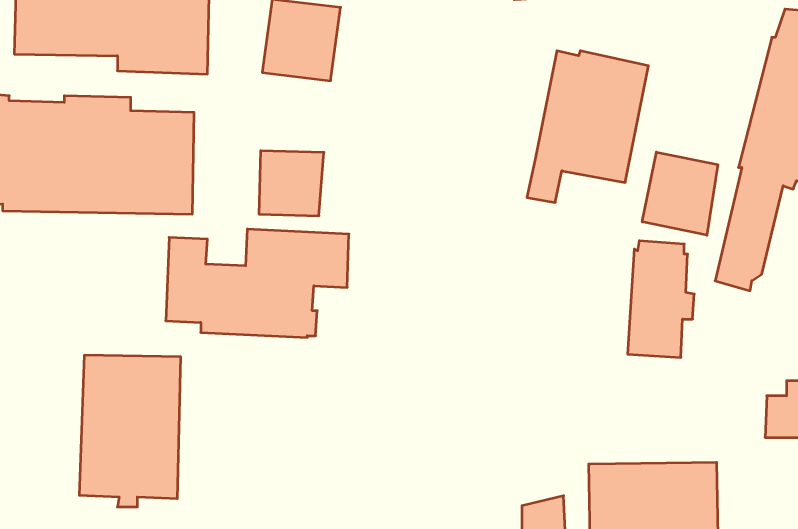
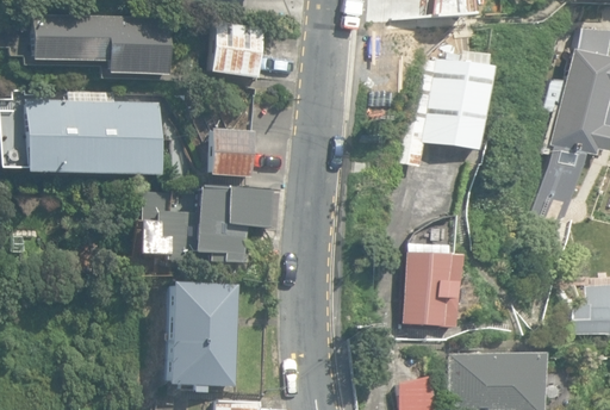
building: [642,152,718,235] -> none
building: [628,241,694,357] -> [403,243,450,327]
building: [79,355,181,507] -> [166,282,238,391]

